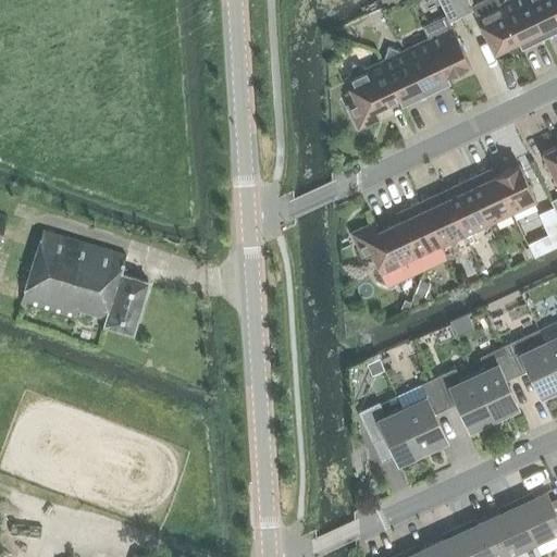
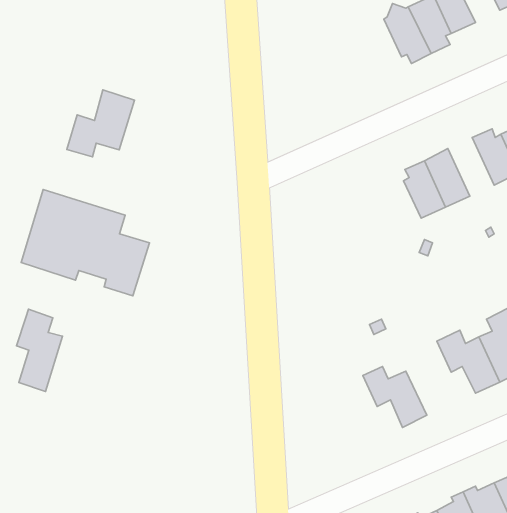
building: [345,63,397,131] -> none
building: none -> [67,90,134,157]
building: [443,180,488,237] -> none
building: [351,222,417,278] -> none
building: none -> [17,309,63,392]
building: [401,380,447,453] -> none

